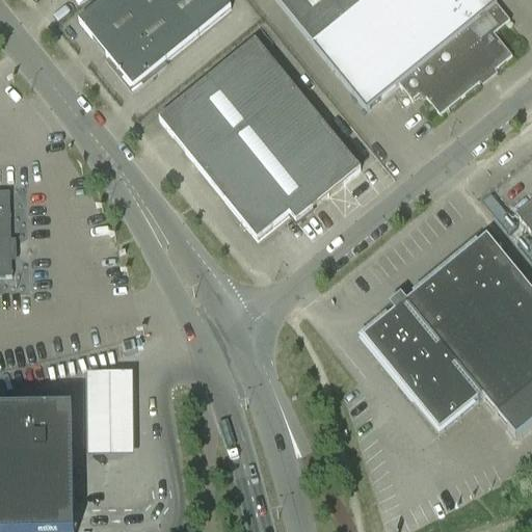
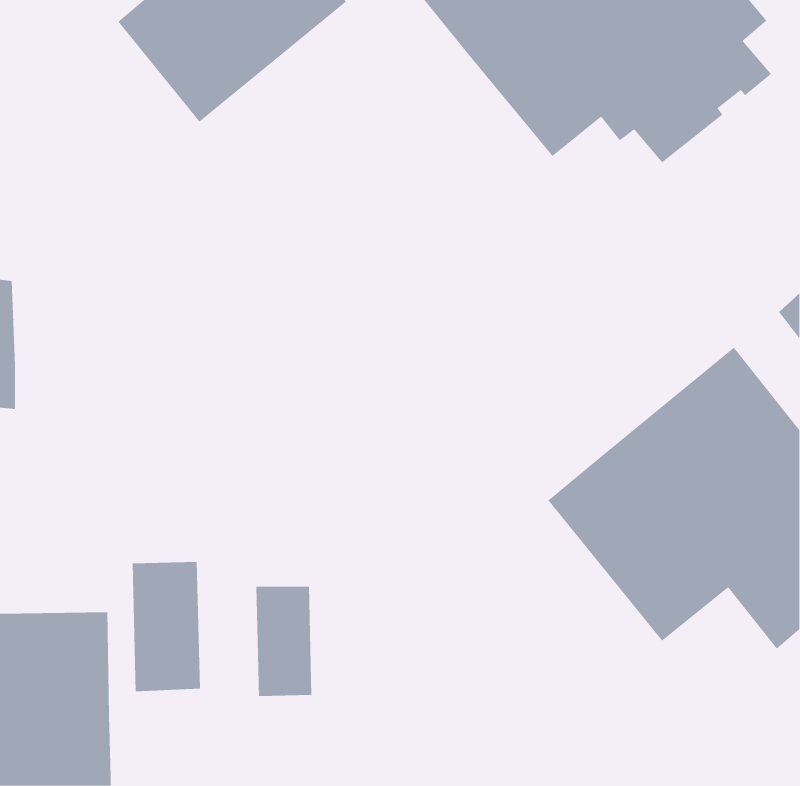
building: [158,34,360,234] -> none
building: none -> [256,586,312,697]

